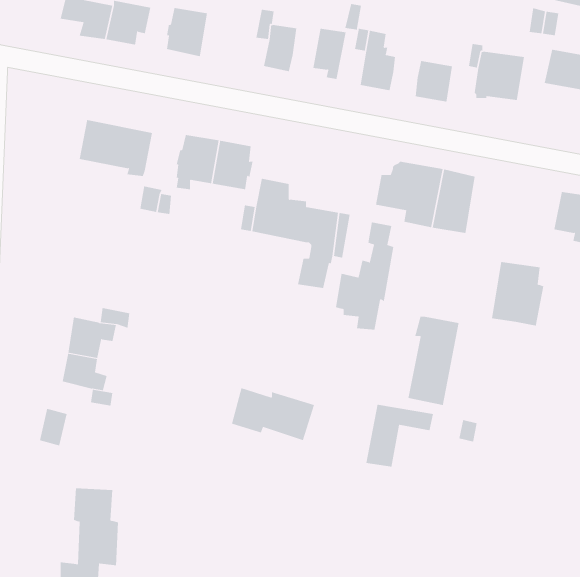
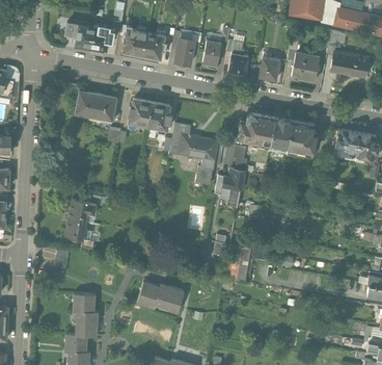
building: none -> [142,32,167,59]
building: [491,262,544,326] -> [288,122,317,157]
building: [408,316,459,406] -> none
building: [231,388,315,441] -> [139,281,185,310]

